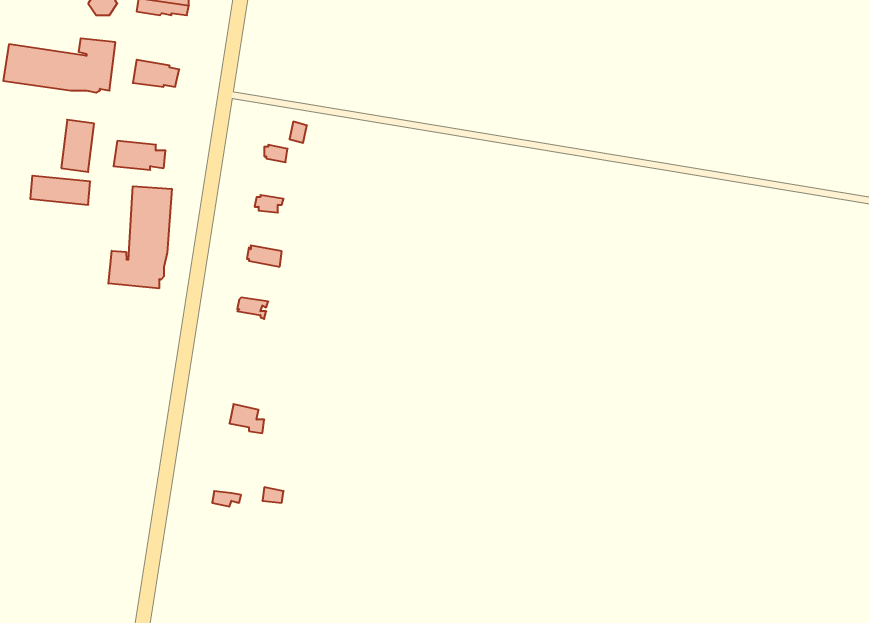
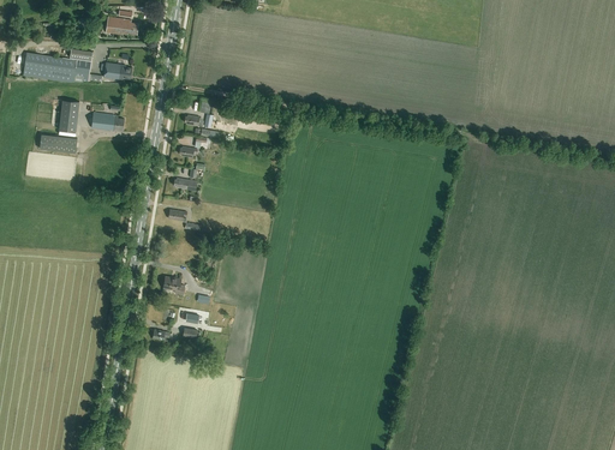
building: [108,186,172,288] -> none

